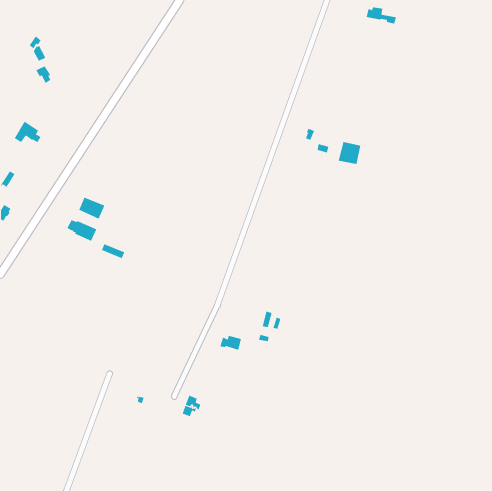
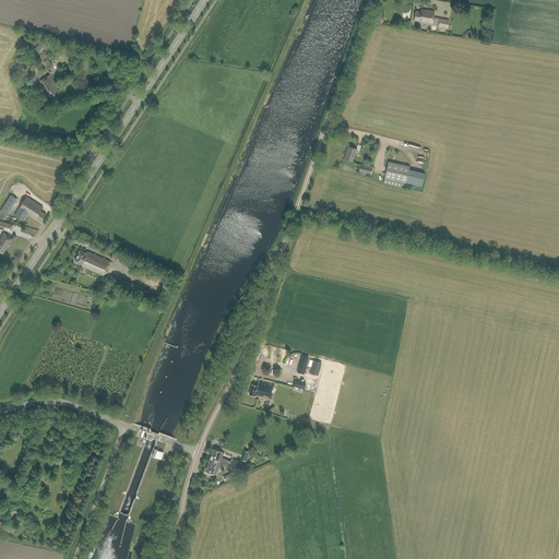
building: [14,121,42,143] -> [14,195,46,221]
building: [78,197,105,219] -> none

